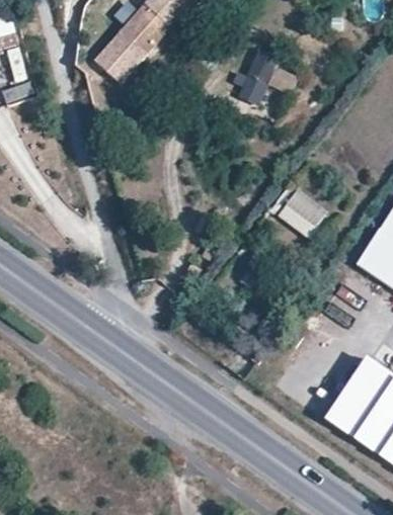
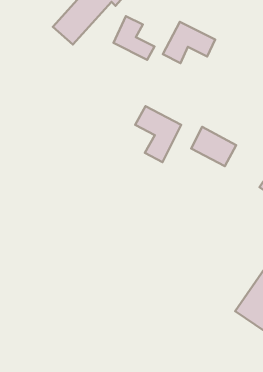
building: none -> [113,16,154,60]
building: none -> [135,106,181,162]

